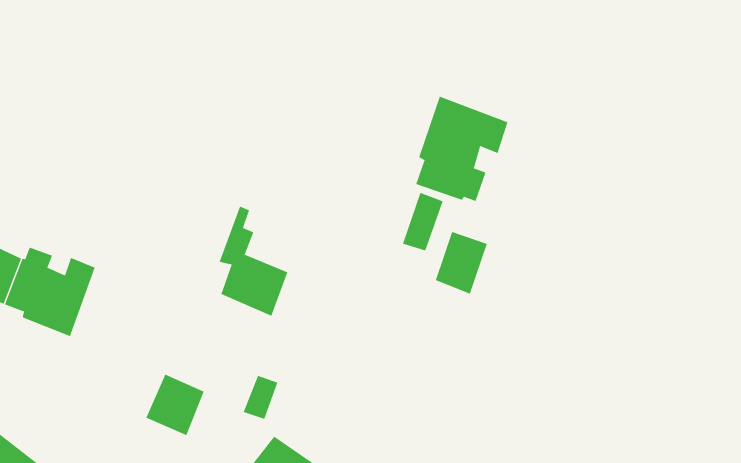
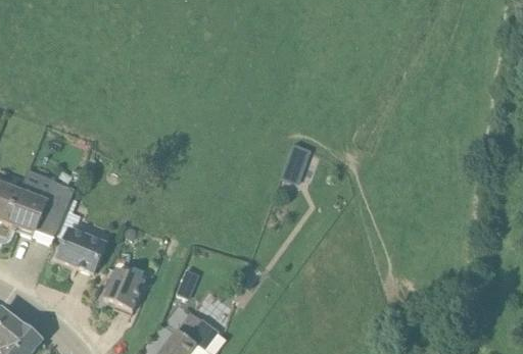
building: [416,96,508,202] -> none
building: [219,206,288,316] -> [55,195,103,271]
building: [435,231,488,294] -> none

